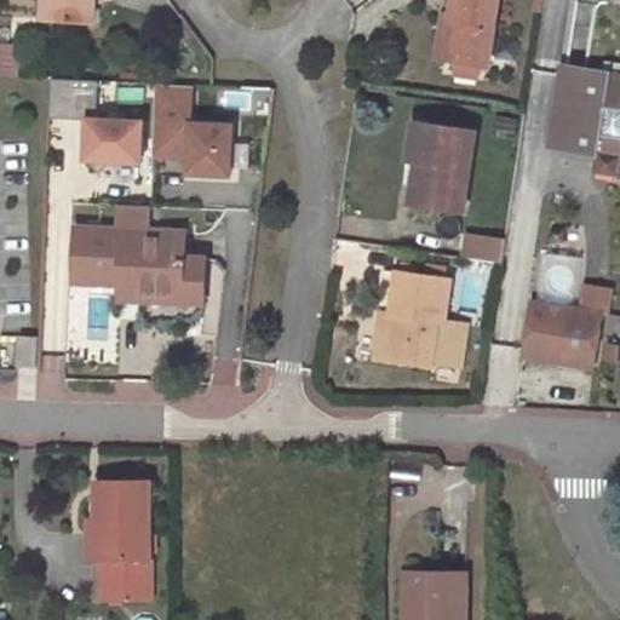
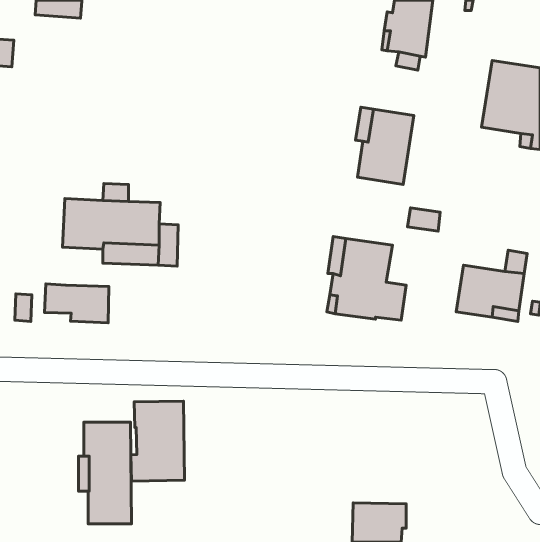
building: [46,79,140,173] -> none
building: [151,84,234,176] -> none
building: none -> [45,284,109,323]
building: none -> [131,401,184,481]

